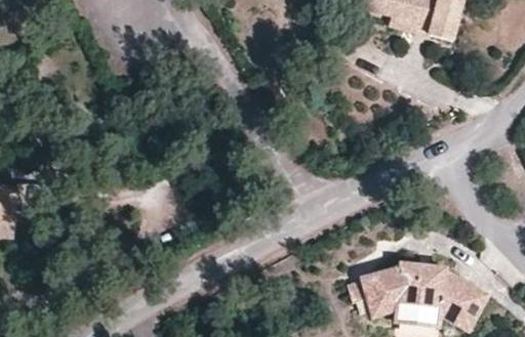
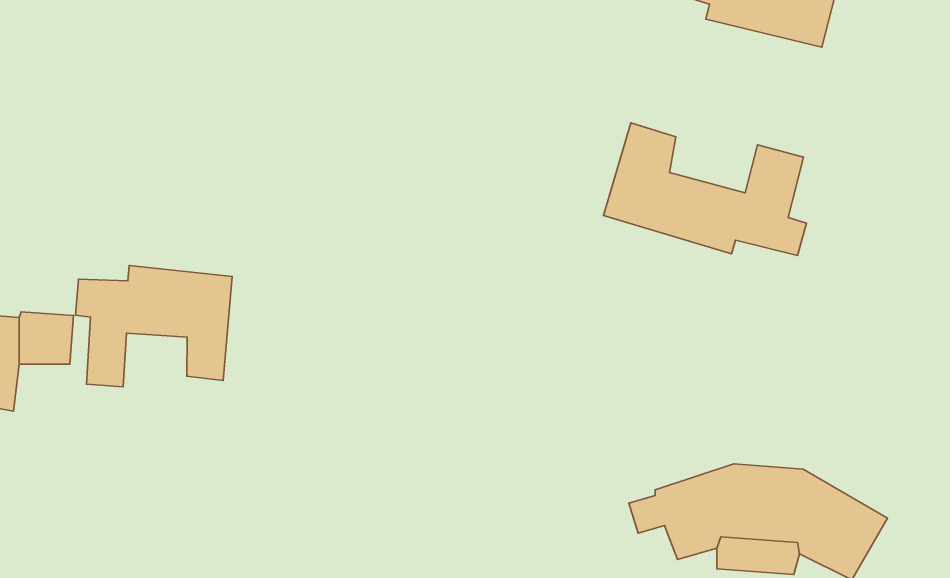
building: none -> [603,123,807,255]
building: none -> [76,266,232,387]

